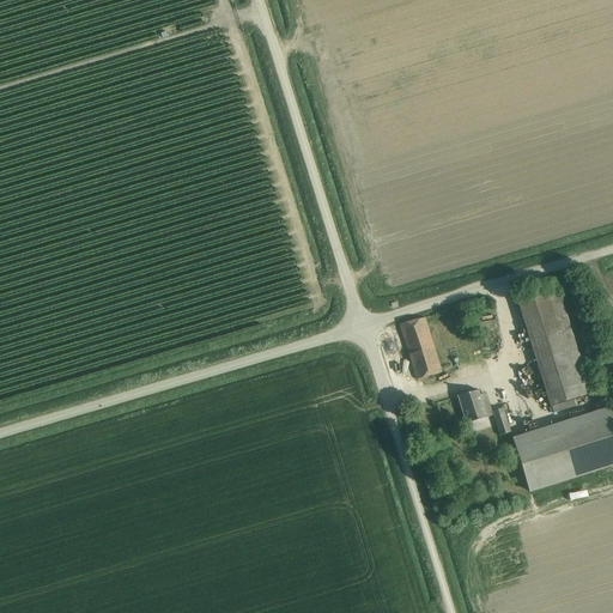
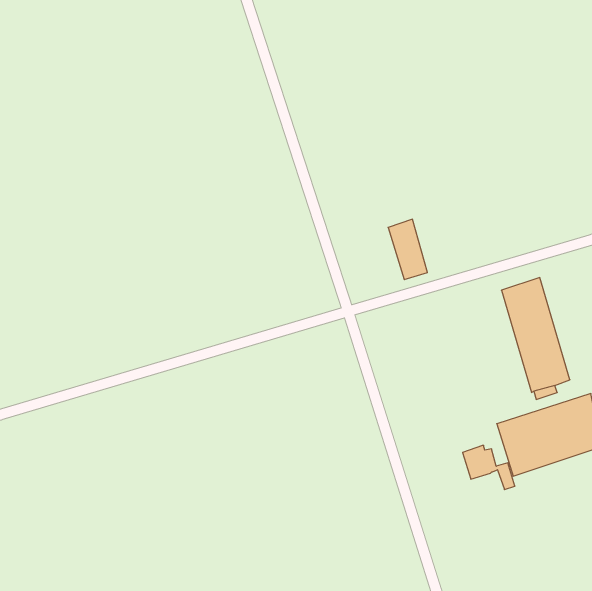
building: [400,315,441,377] -> [388,219,427,280]
building: [457,388,511,433] -> [463,445,515,490]

